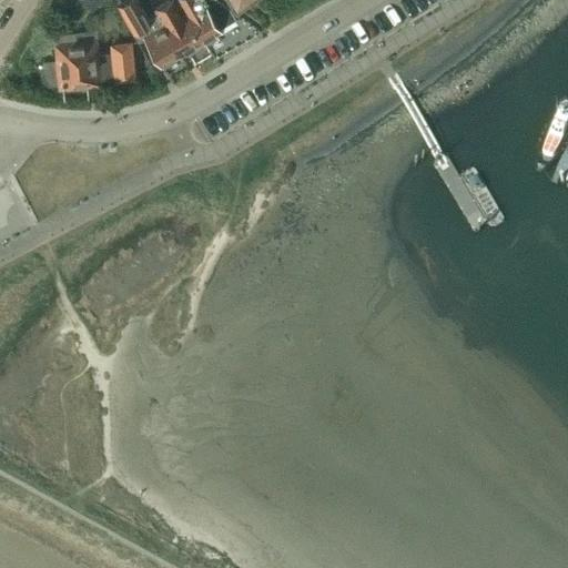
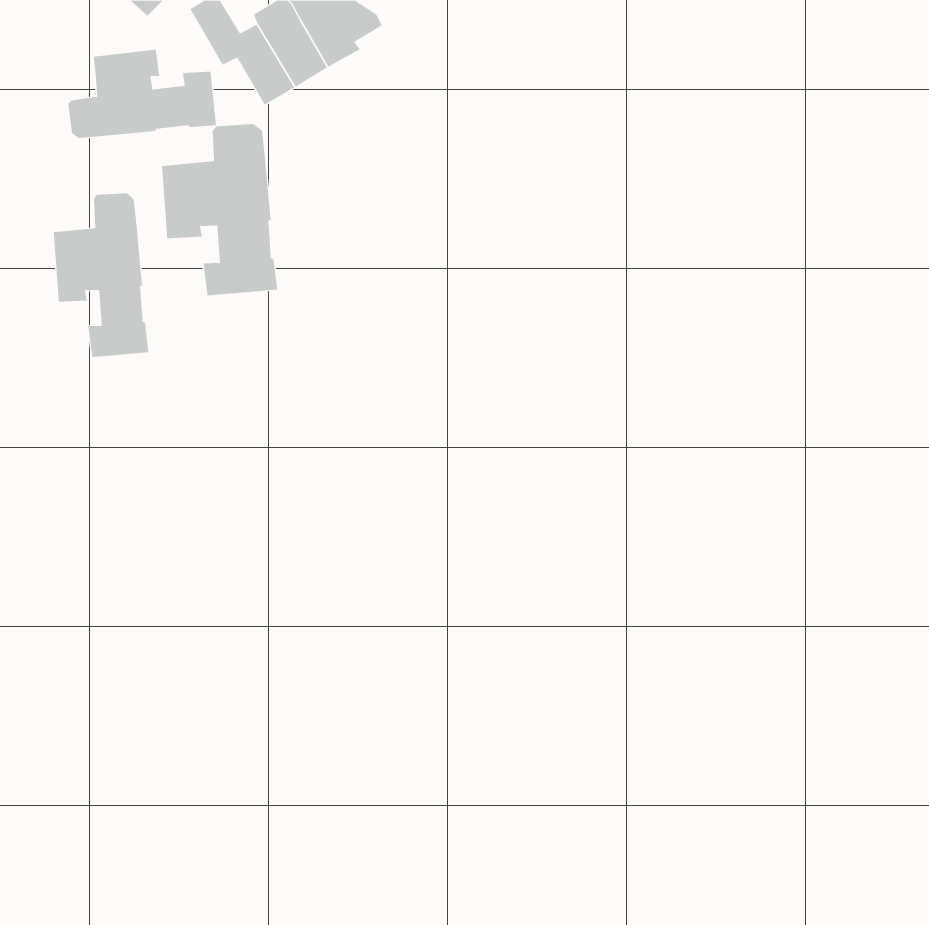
building: none -> [162,123,278,296]
building: none -> [53,192,149,358]

